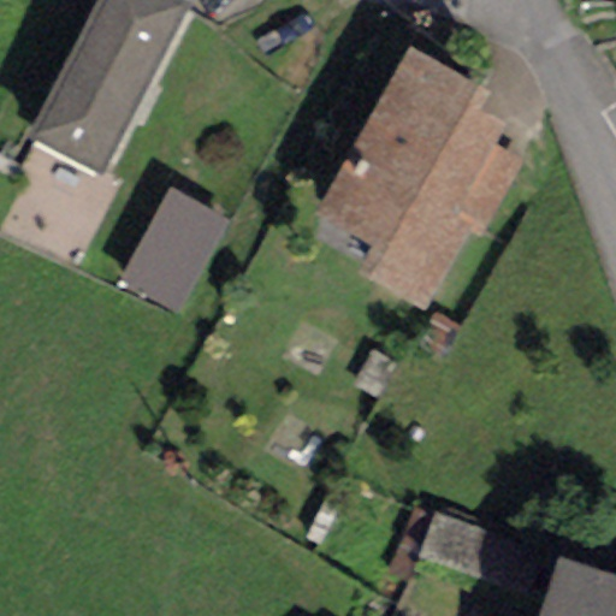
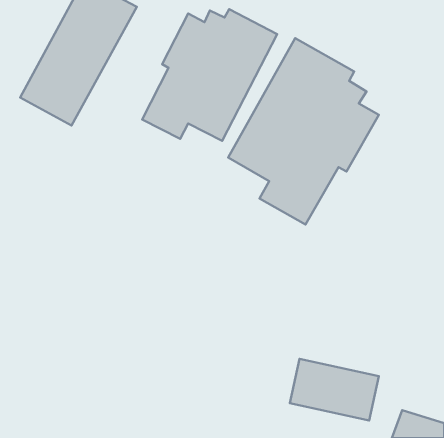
building: none -> [142,9,277,141]
building: [117,184,226,309] -> none

